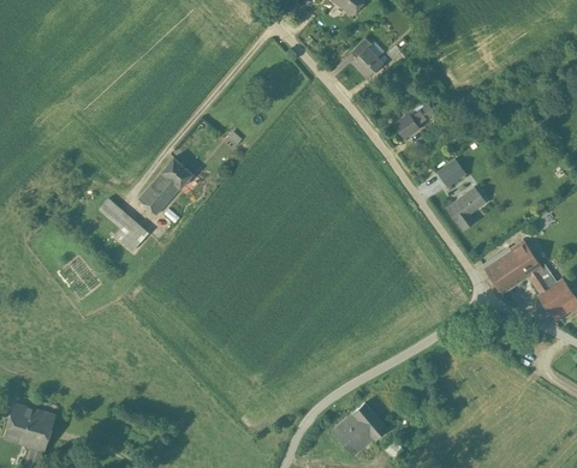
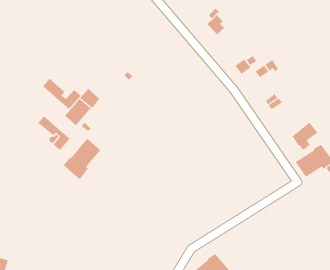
building: none -> [42,78,82,110]
building: [446,186,486,229] -> [291,122,318,151]
building: none -> [63,138,101,180]

